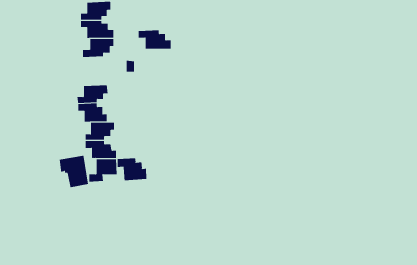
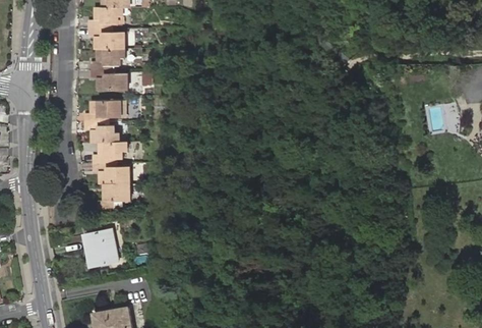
building: [138,30,171,49] -> [93,67,130,89]
building: [59,155,89,188] -> [87,227,121,264]
building: [117,158,147,181] -> none

